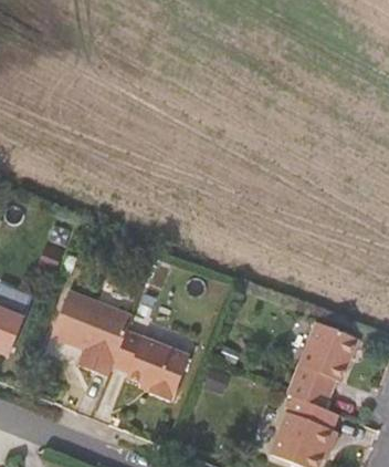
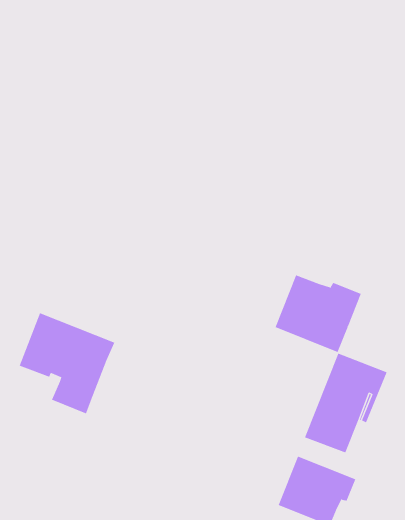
building: none -> [275,274,362,353]
building: [112,330,188,401] -> none

